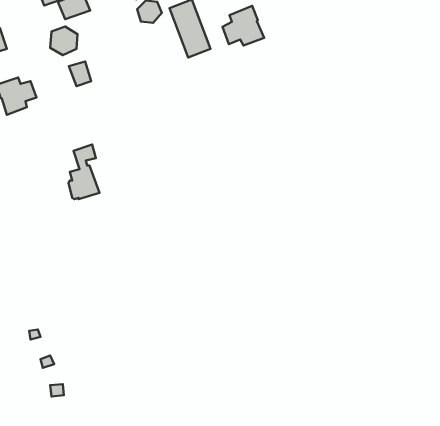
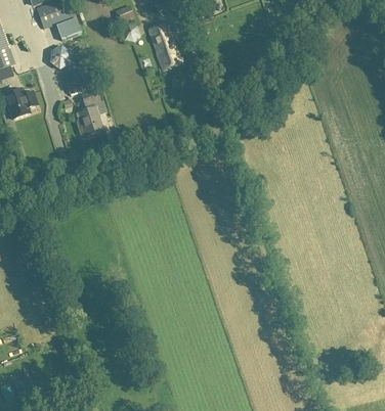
building: [222,6,264,45] -> none
building: [68,144,99,199] -> [76,89,101,134]

